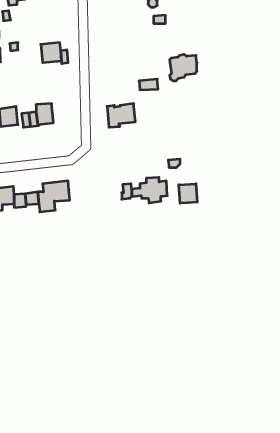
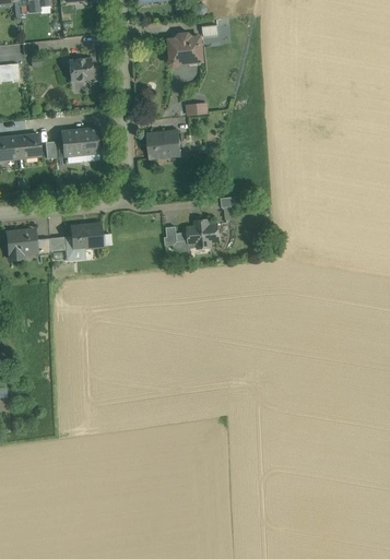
building: [170,54,197,81] -> [169,35,202,67]
building: none -> [81,128,102,153]
building: [179,184,197,203] -> none

